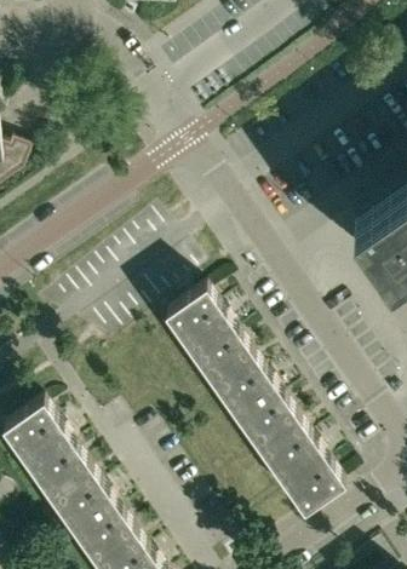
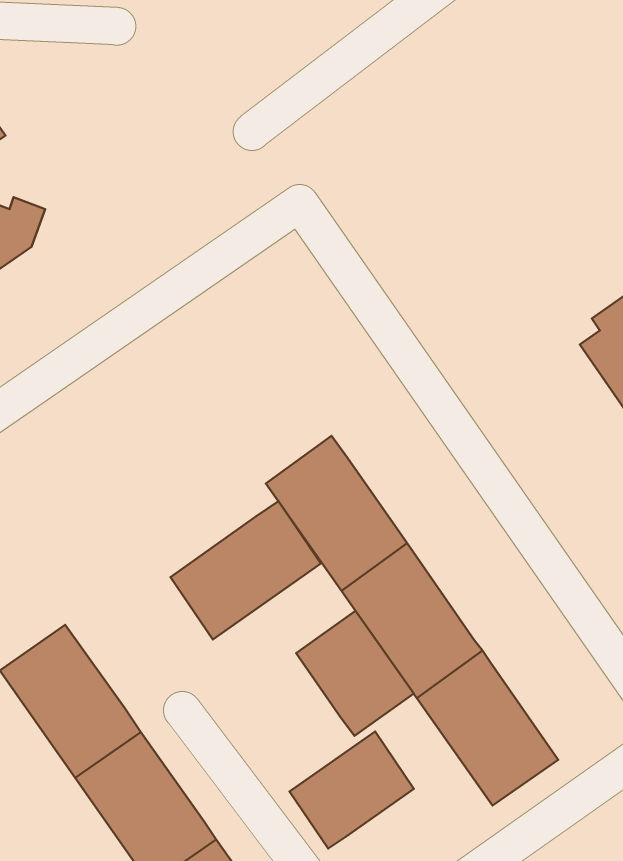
building: none -> [170,501,321,640]
building: none -> [296,611,414,736]
building: none -> [290,732,414,849]

